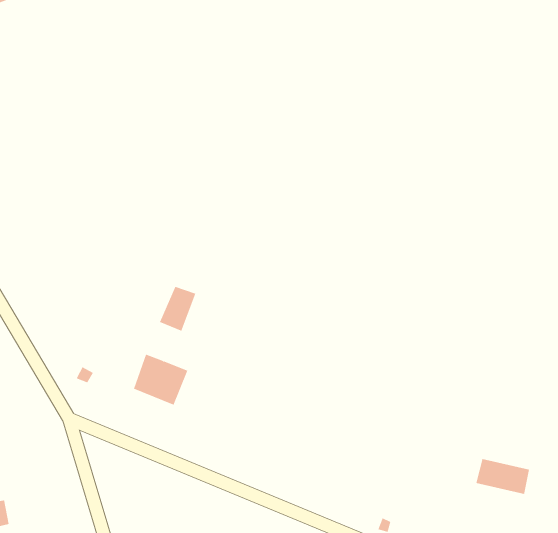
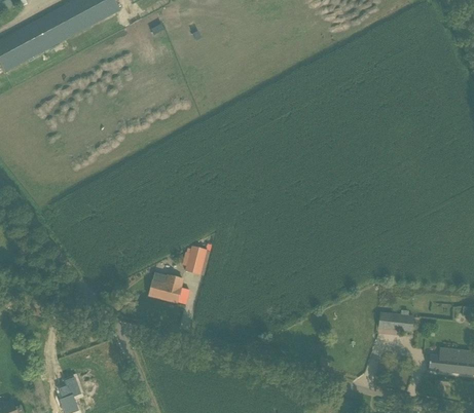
building: [159,286,196,331] -> [184,247,206,275]

